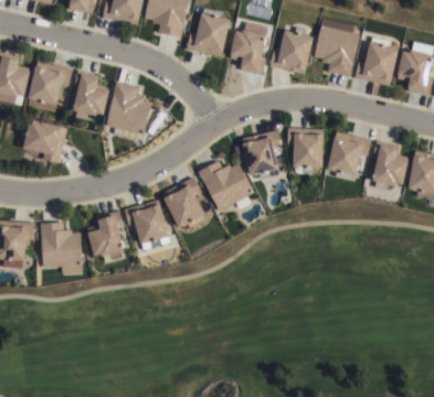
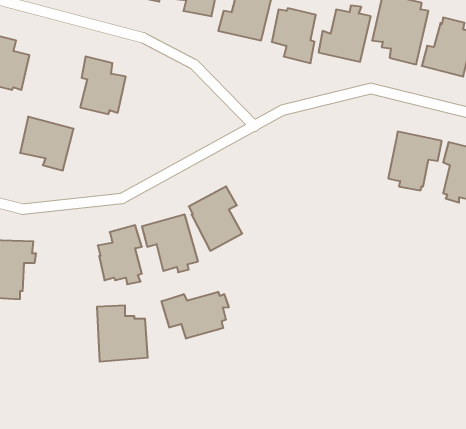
building: [28,60,73,106] -> none
building: [106,82,151,135] -> none
building: [288,127,326,173] -> none
building: [243,130,282,176] -> none
building: [199,161,254,211] -> none
building: [41,222,83,268] -> [97,305,148,362]
building: none -> [162,292,229,339]

